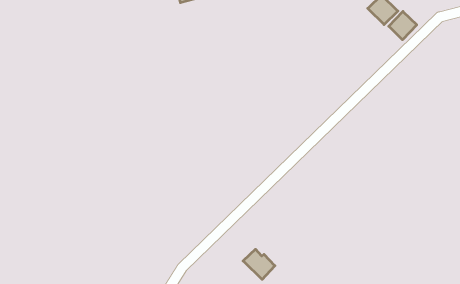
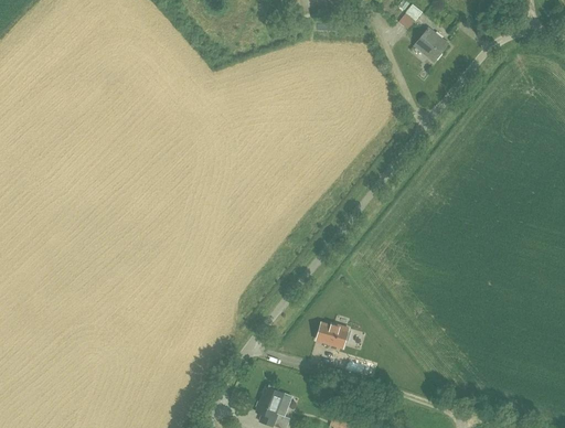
building: [389,11,417,40] -> none

